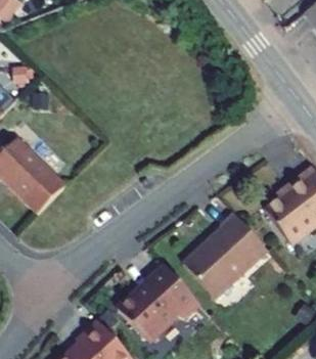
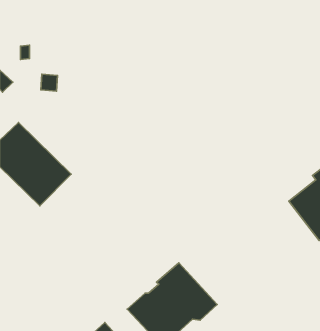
building: [182,213,267,298] -> none

